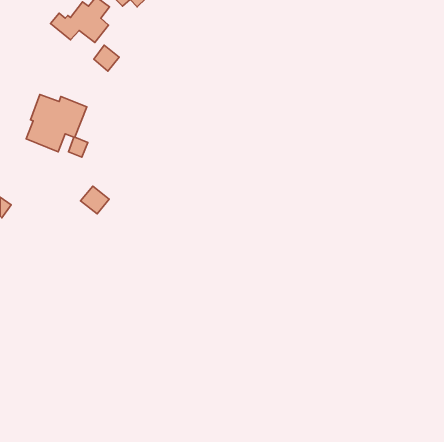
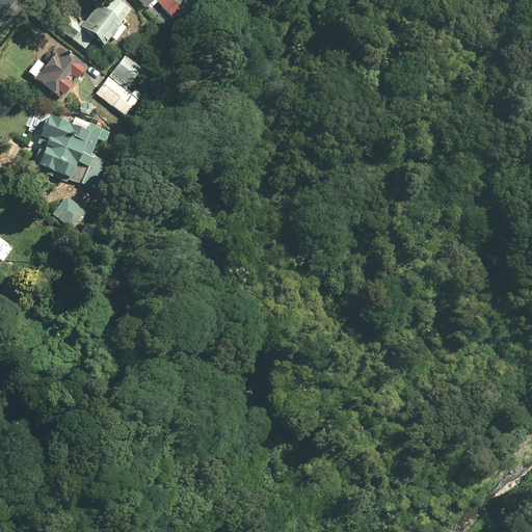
building: none -> [27,46,87,100]
building: none -> [96,74,143,115]
building: [81,186,109,214] -> [52,194,86,228]

